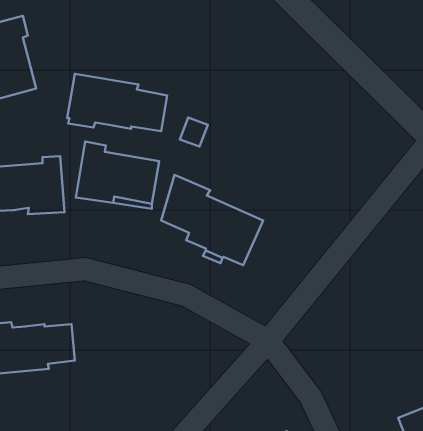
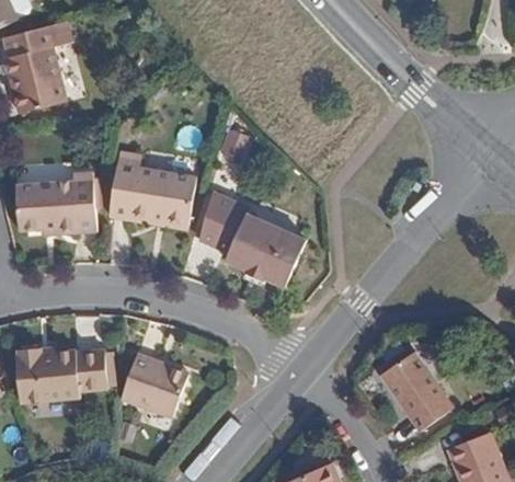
building: [67,74,167,131] -> none
building: none -> [382,353,454,428]
building: none -> [121,354,187,416]

